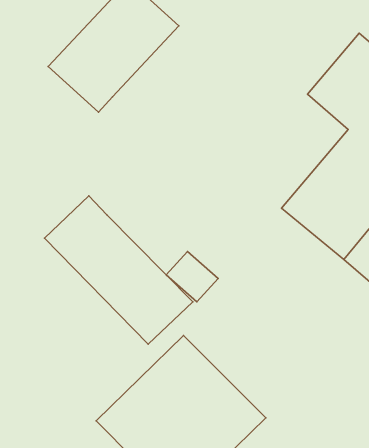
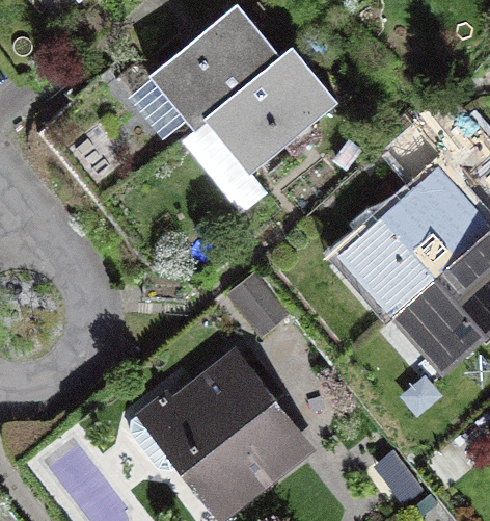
building: none -> [205,50,332,171]
building: [44,196,193,344] -> none

